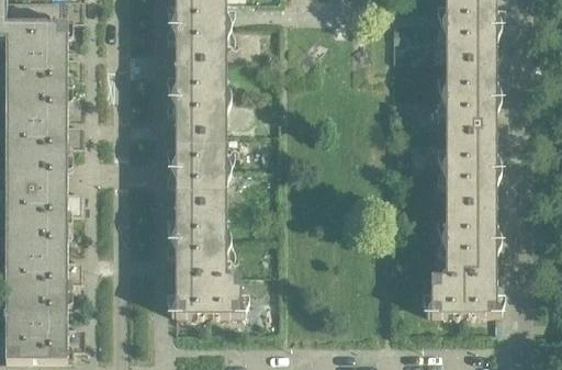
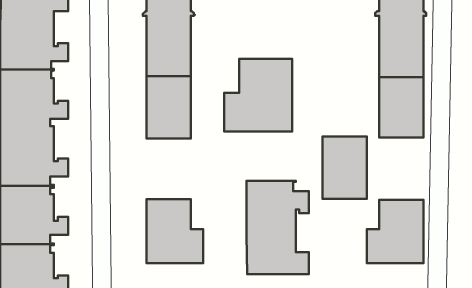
building: none -> [224,59,292,131]
building: [443,167,495,239] -> [322,136,367,199]
building: [173,168,225,238] -> none
building: none -> [246,181,309,274]

